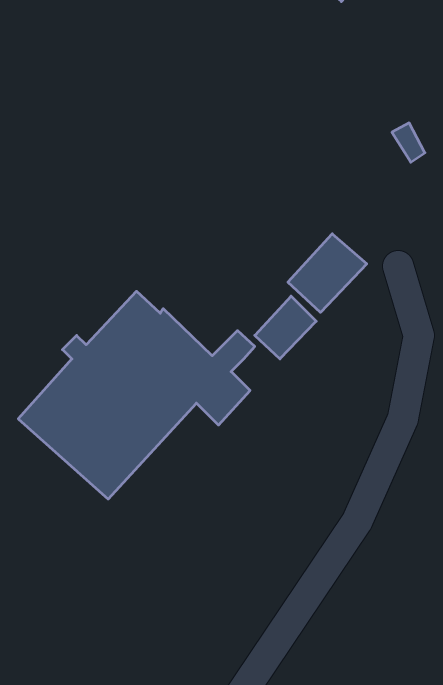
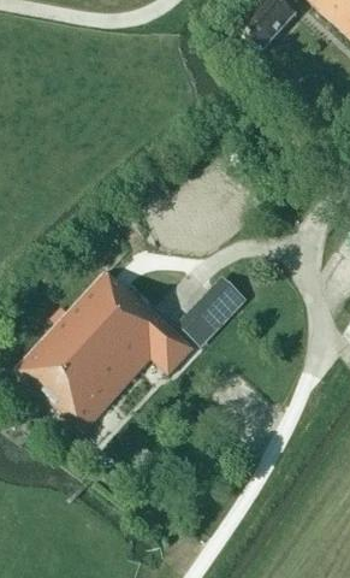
building: [288,234,367,312] -> none

